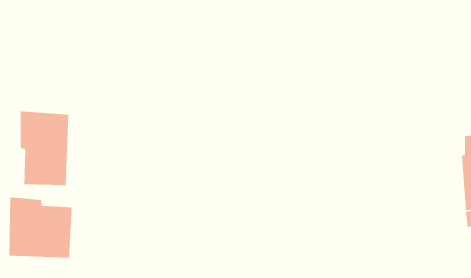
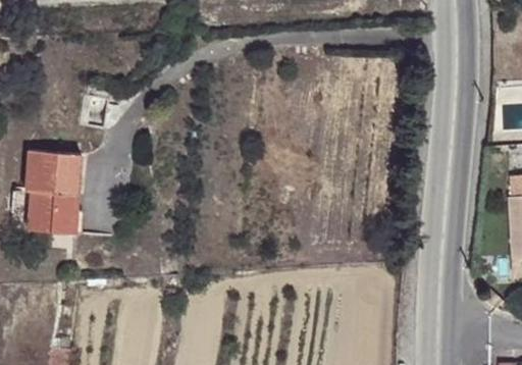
building: [9,196,73,258] -> none

